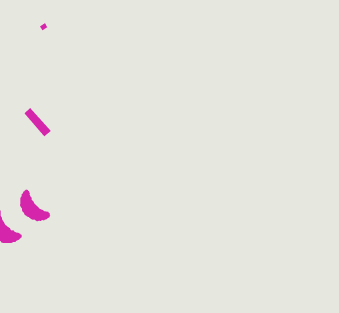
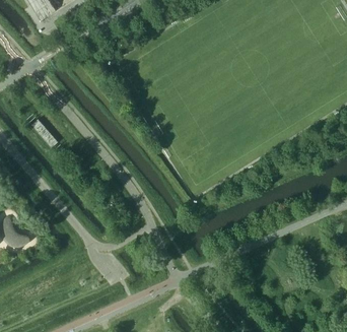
building: [19,189,51,222] -> none

